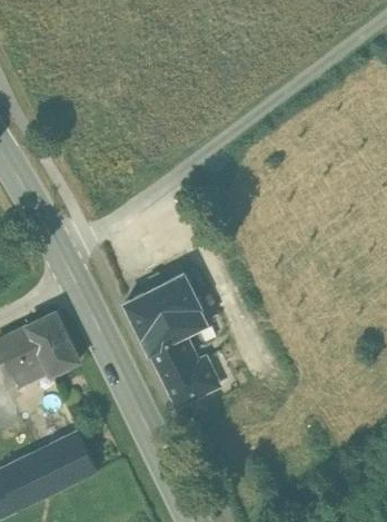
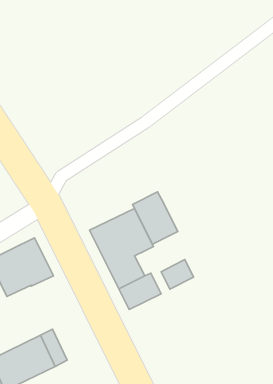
building: none -> [132,192,178,244]
building: none -> [161,260,194,289]

